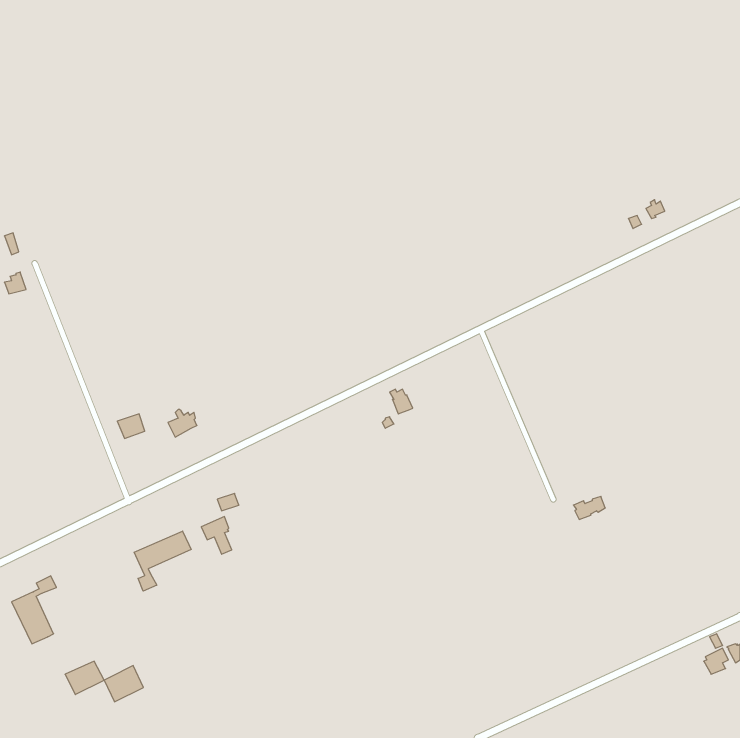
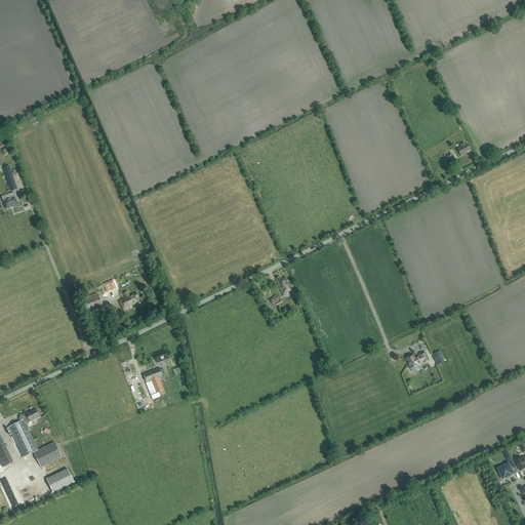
building: [134,531,191,591] -> none
building: [104,666,143,702] -> [34,441,62,467]

